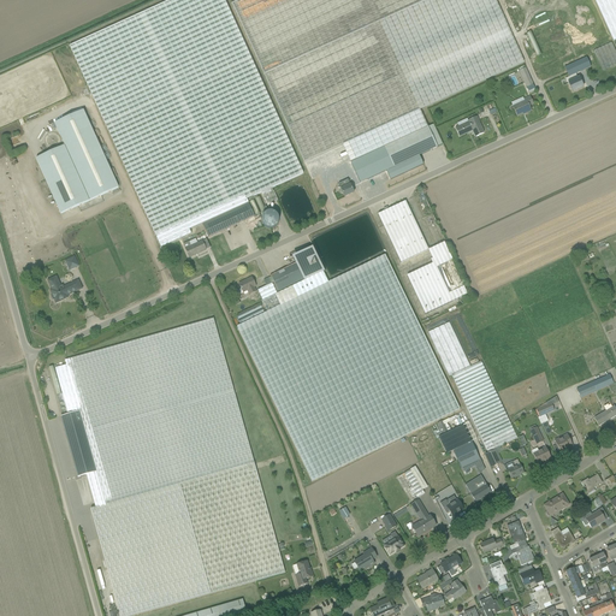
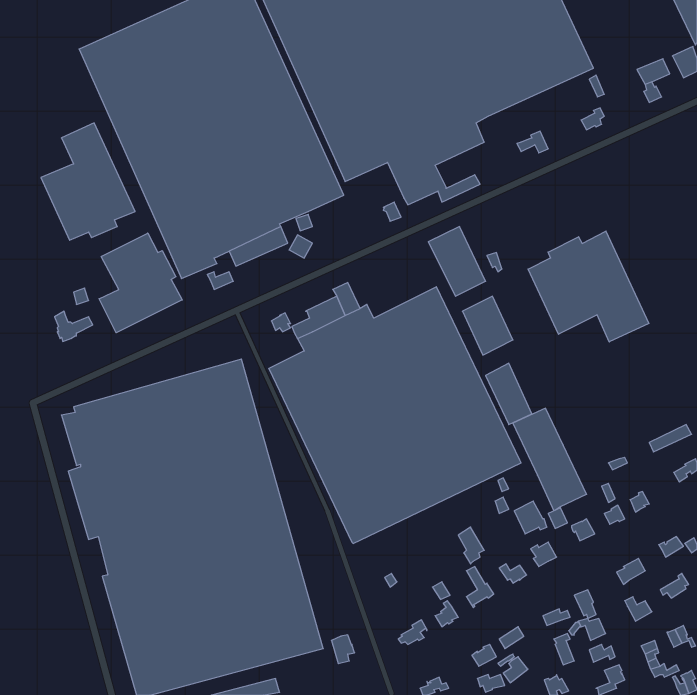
building: [384,123,443,166] -> none
building: none -> [528,231,649,342]
building: none -> [99,233,182,333]

